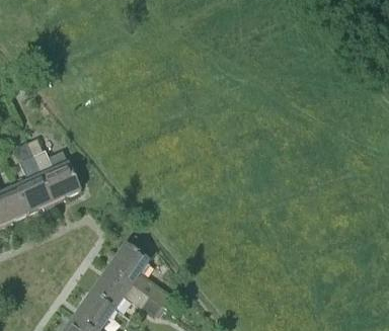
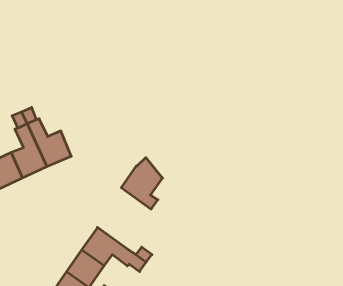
building: [107,235,152,291] -> [121,158,163,209]

